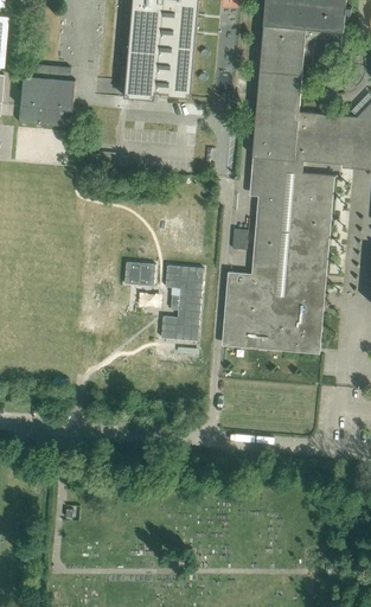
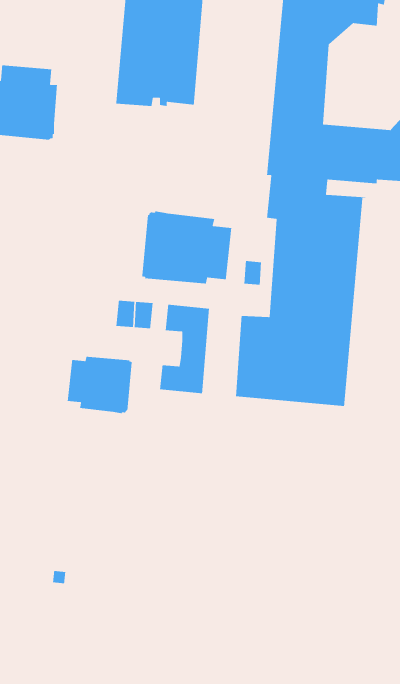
building: none -> [141,211,232,284]
building: none -> [67,356,133,414]

